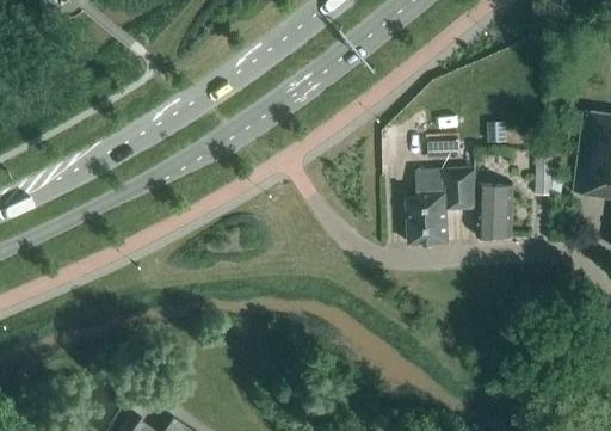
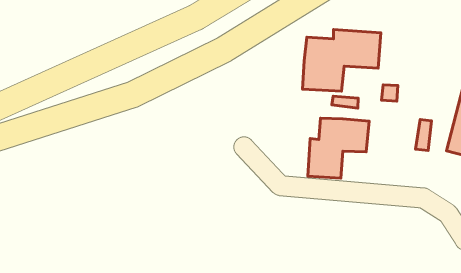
building: none -> [303,29,381,91]
building: [477,183,513,239] -> none

